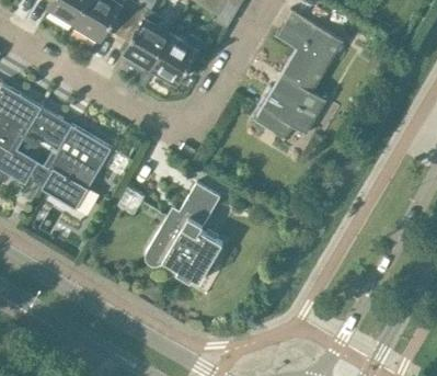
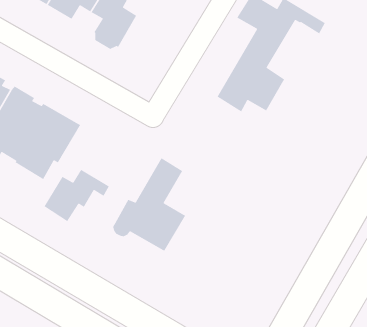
building: [151,34,205,83] -> none
building: none -> [43,169,110,222]

